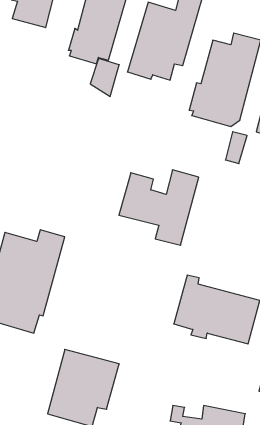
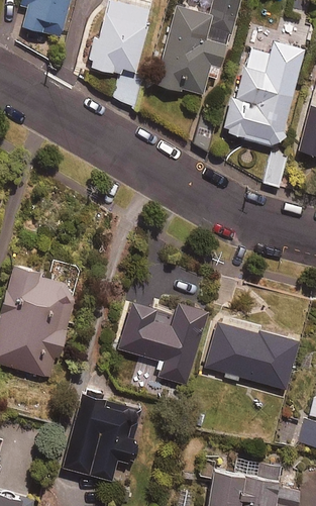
building: [119,170,199,245] -> [120,299,209,383]

